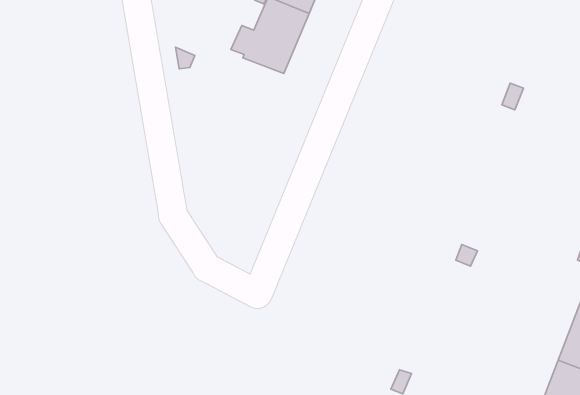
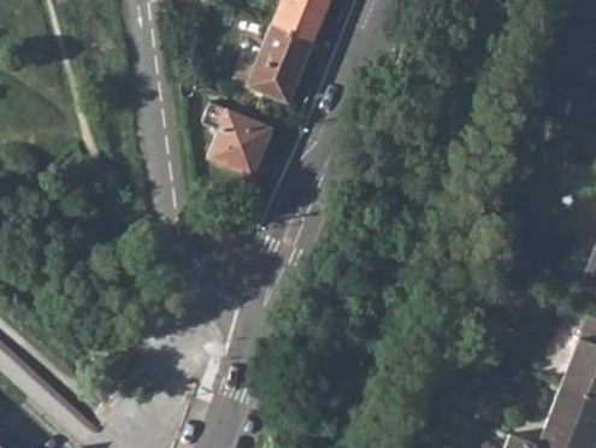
building: none -> [202,101,272,172]

